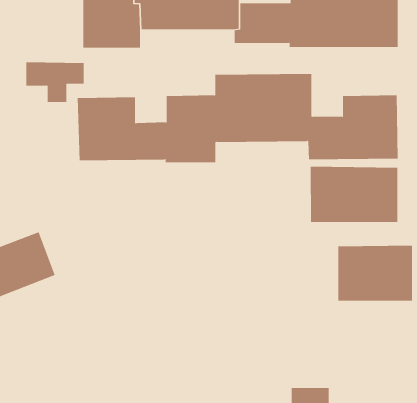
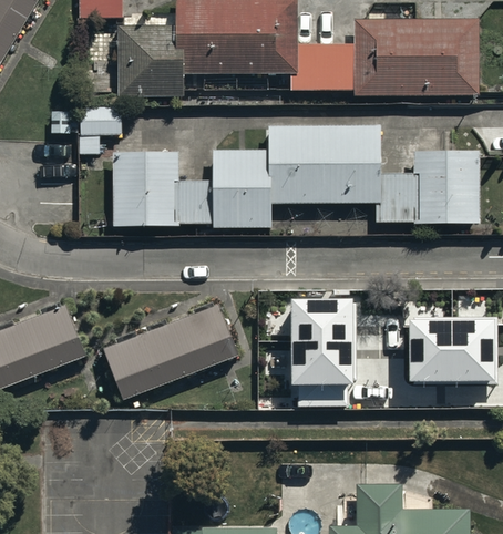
building: [310,166,398,223] -> none
building: none -> [104,297,258,397]
building: none -> [289,300,355,408]

